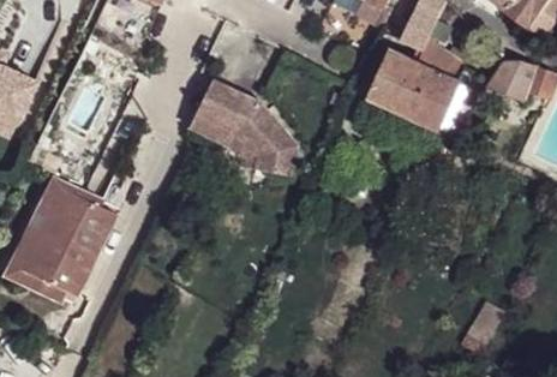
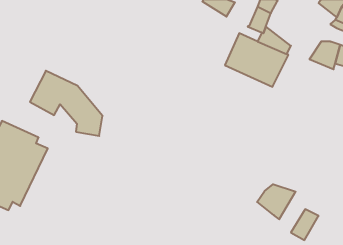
building: [191,82,295,175] -> [30,71,103,136]
building: none -> [257,184,296,219]

